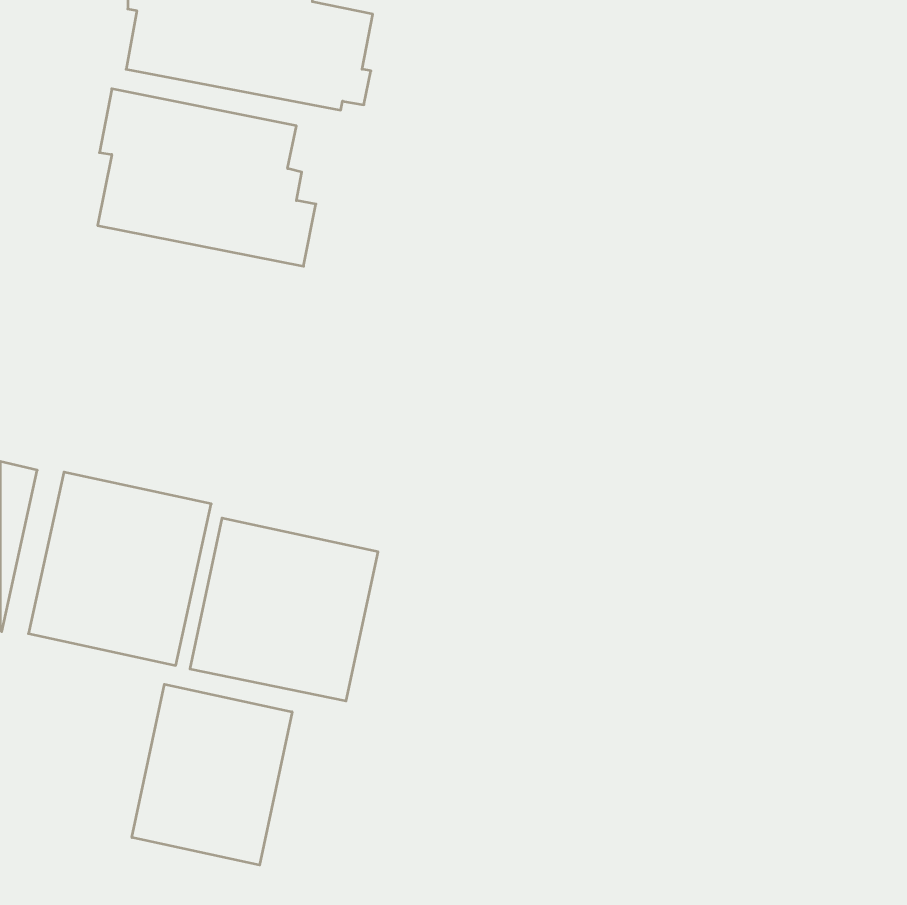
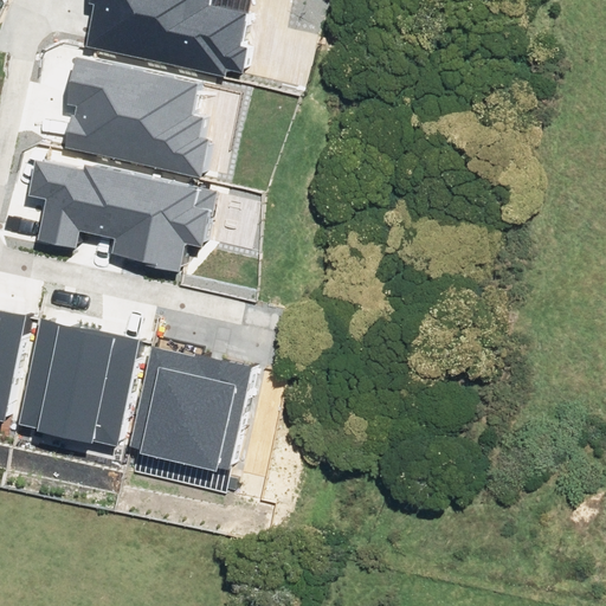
building: none -> [30,160,215,271]
building: [132,684,292,865] -> none

